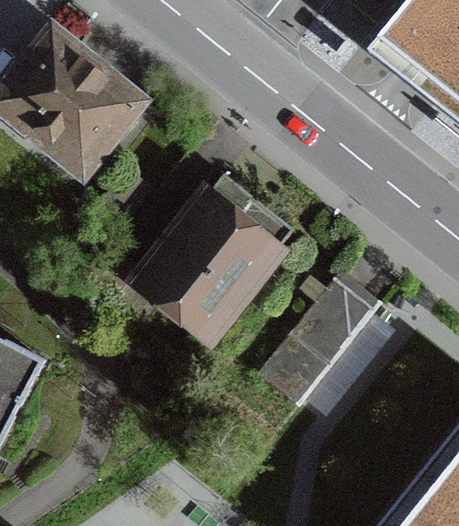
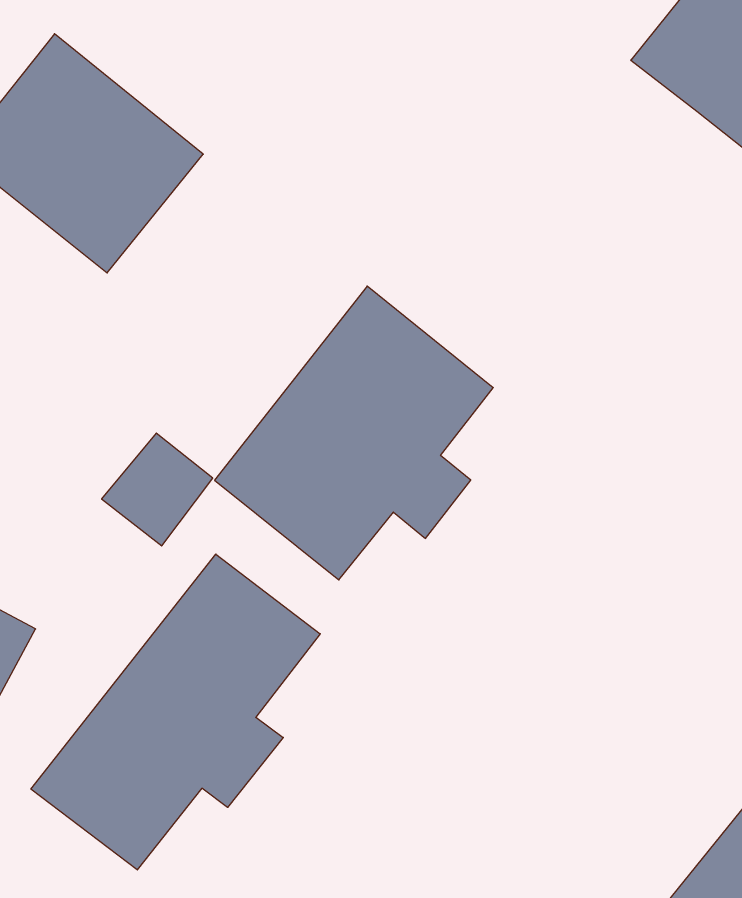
building: [261,284,370,403] -> none
building: none -> [31,554,320,870]

